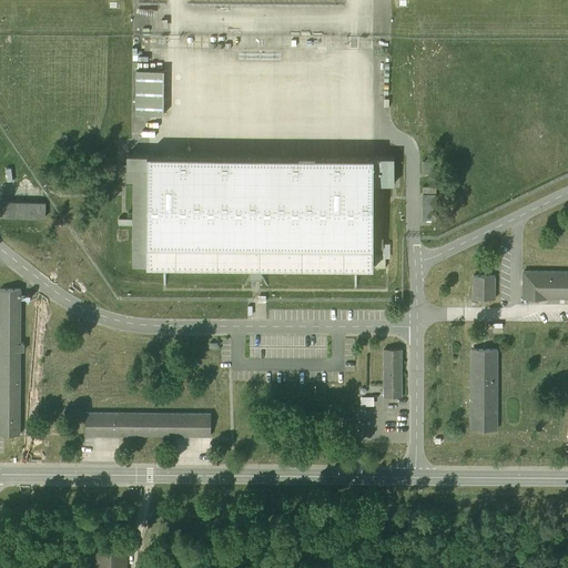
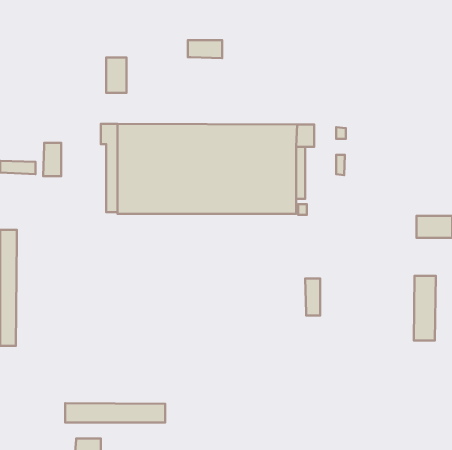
building: none -> [188,40,222,58]
building: none -> [43,143,61,176]
building: [473,278,495,301] -> none
building: [469,352,497,433] -> [414,276,436,340]
building: [85,414,211,438] -> [65,403,165,422]

